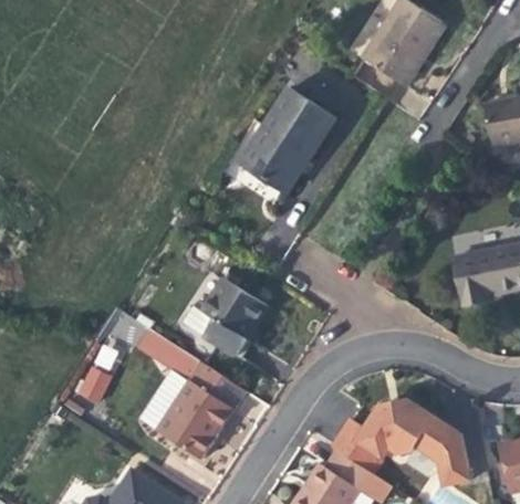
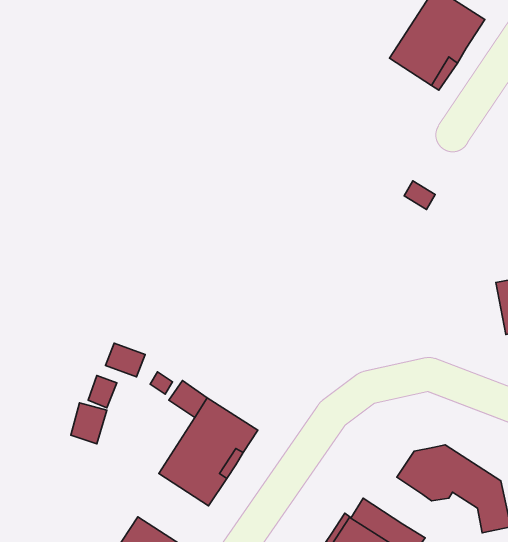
building: [239,91,333,193] -> none
building: [197,275,266,355] -> none
building: [334,422,389,474] -> none

